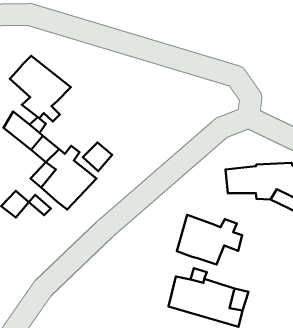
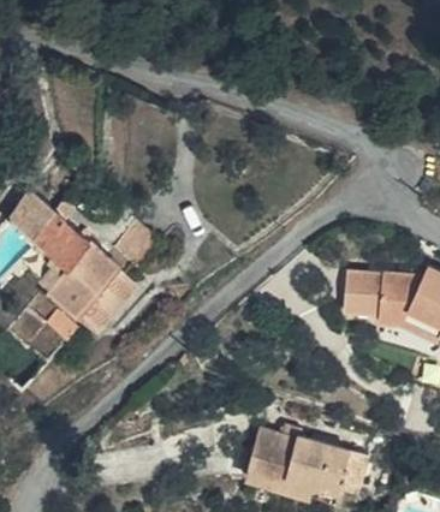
building: [10,56,71,121] -> none
building: [177,215,242,264] -> none

